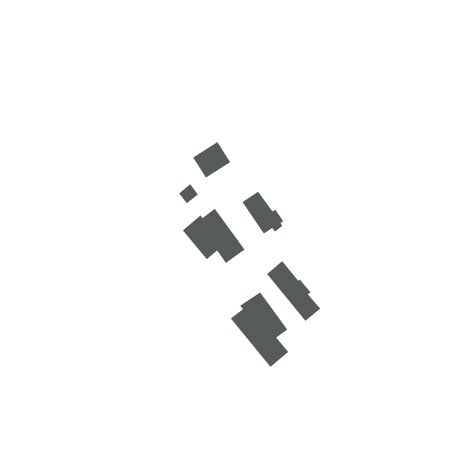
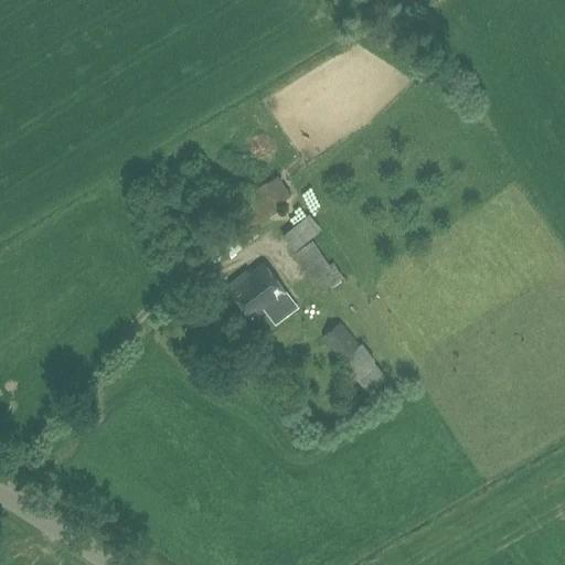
building: none -> [279,213,321,253]
building: [230,291,289,368] -> none

